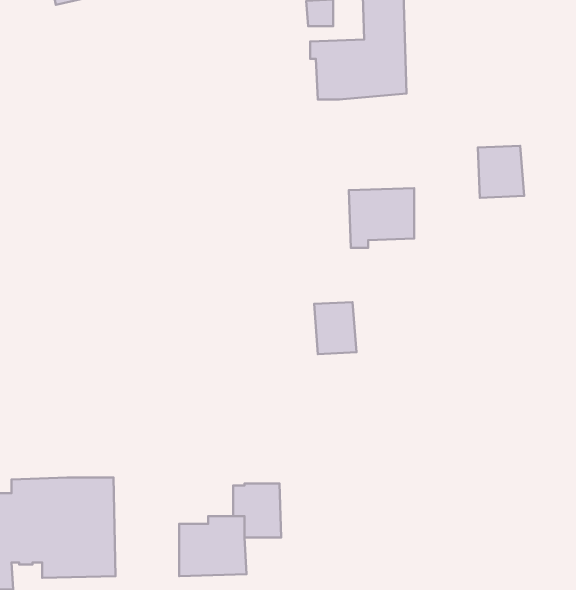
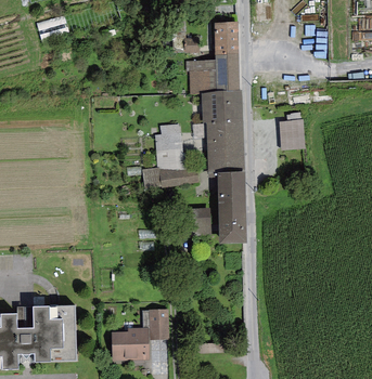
building: none -> [202,90,244,144]
building: none -> [142,123,198,188]
building: none -> [218,171,245,243]

